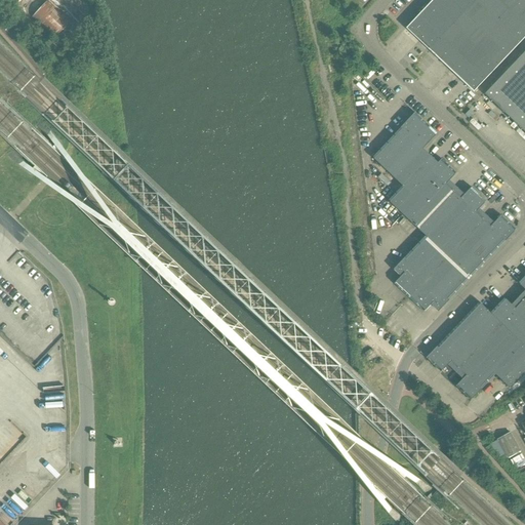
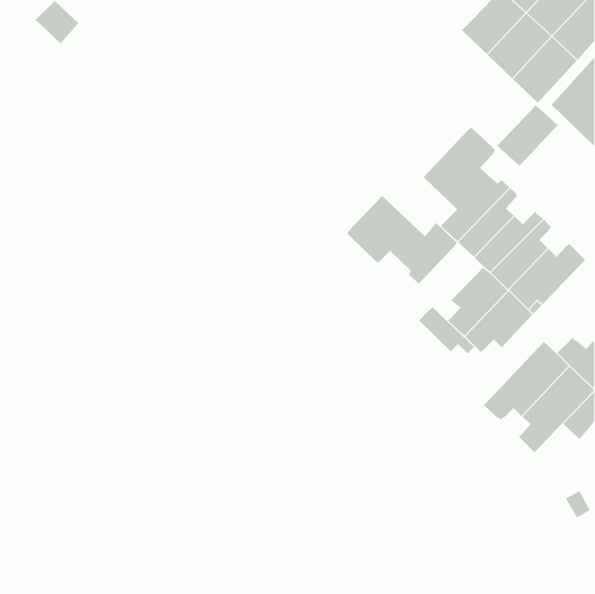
building: none -> [497,105,559,166]
building: none -> [347,195,458,285]
building: none -> [419,307,475,354]

